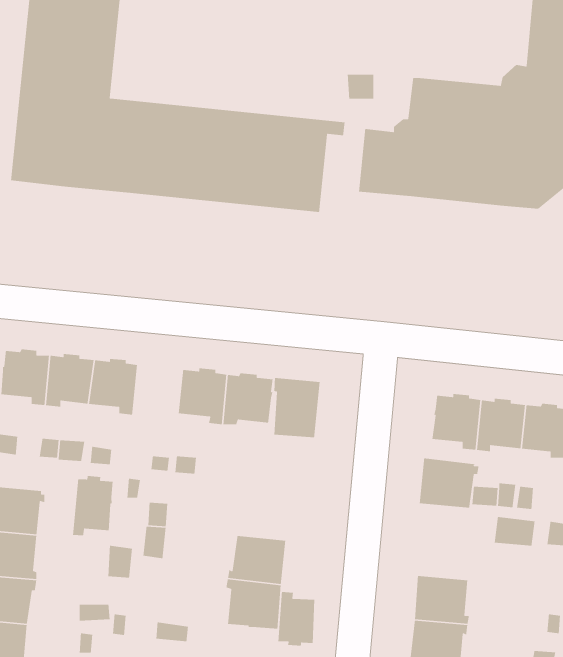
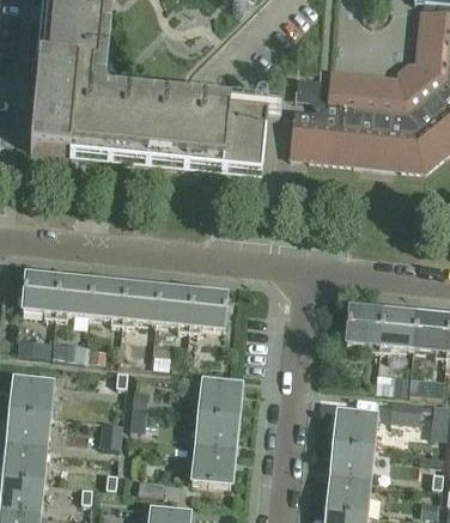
building: none -> [122,282,159,323]
building: [274,377,321,438] -> none
building: [419,457,479,509] -> [335,407,381,445]
building: [72,475,114,536] -> none
building: none -> [199,377,241,415]
building: [277,591,315,646] -> none

